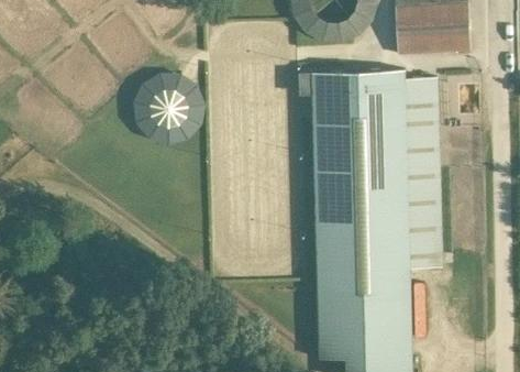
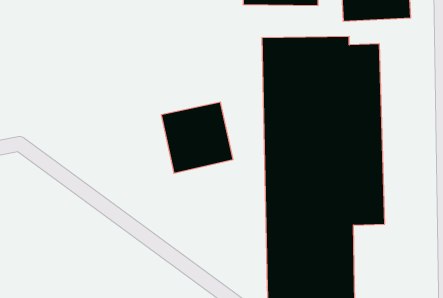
building: [130,68,206,143] -> [161,102,233,173]

